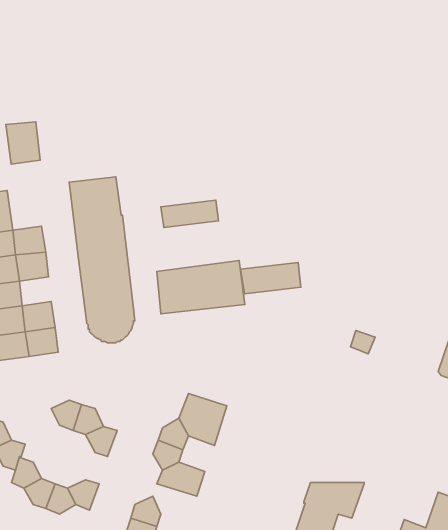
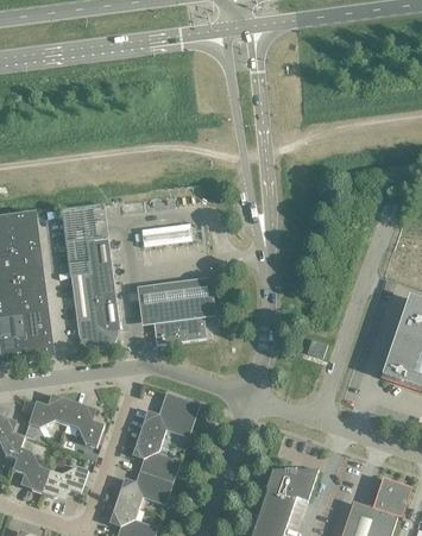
building: [6,122,40,164] -> [8,213,38,250]
building: [240,262,301,294] -> [152,315,204,342]
building: none -> [19,290,46,315]
building: none -> [25,399,53,442]
building: none -> [134,469,172,503]

